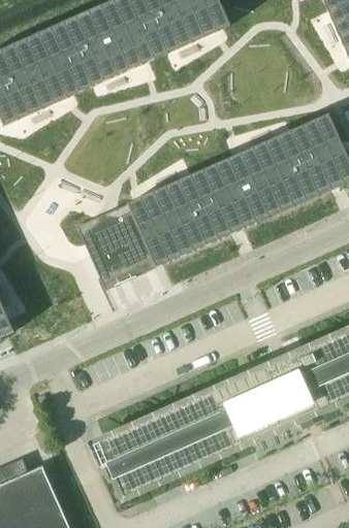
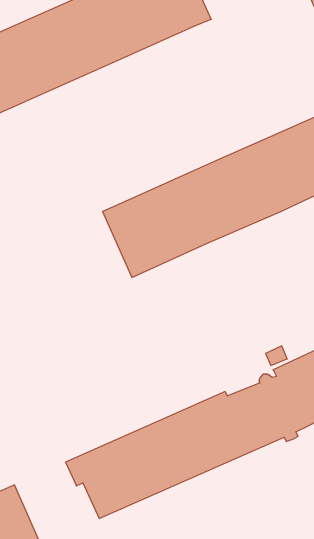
building: [82,205,155,288] -> none

